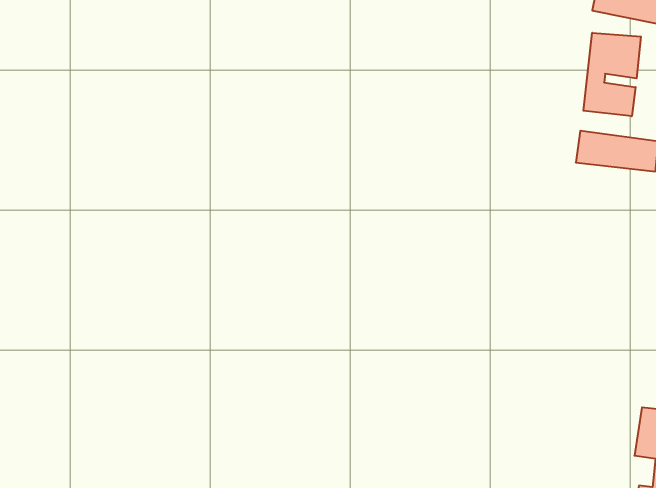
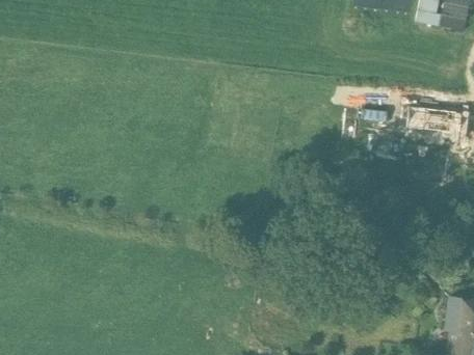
building: [583,33,641,116] -> none

